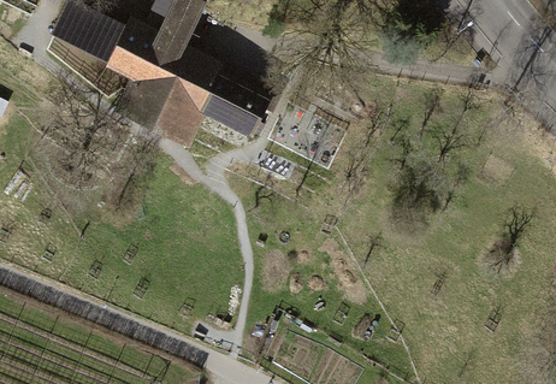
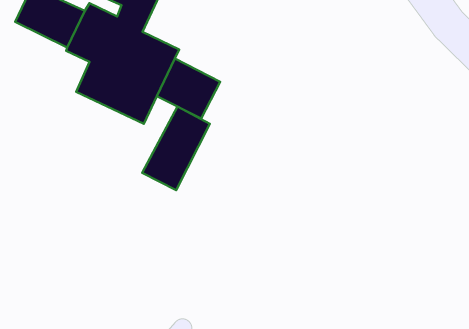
building: none -> [142,106,210,190]

